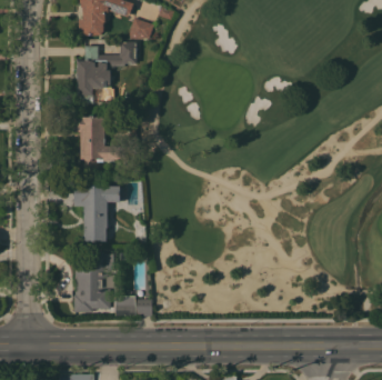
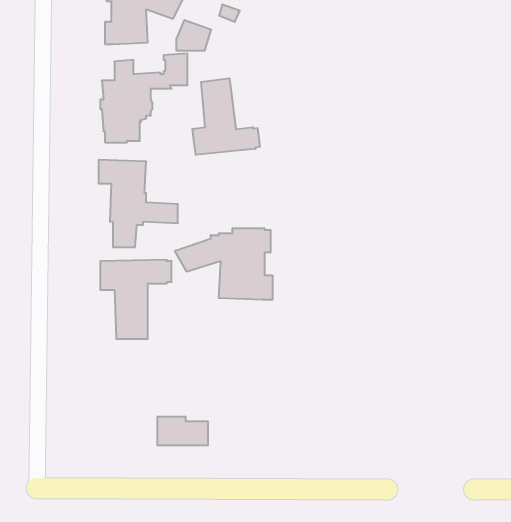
building: none -> [192,78,260,155]
building: none -> [175,228,272,300]
building: [72,253,111,312] -> none

